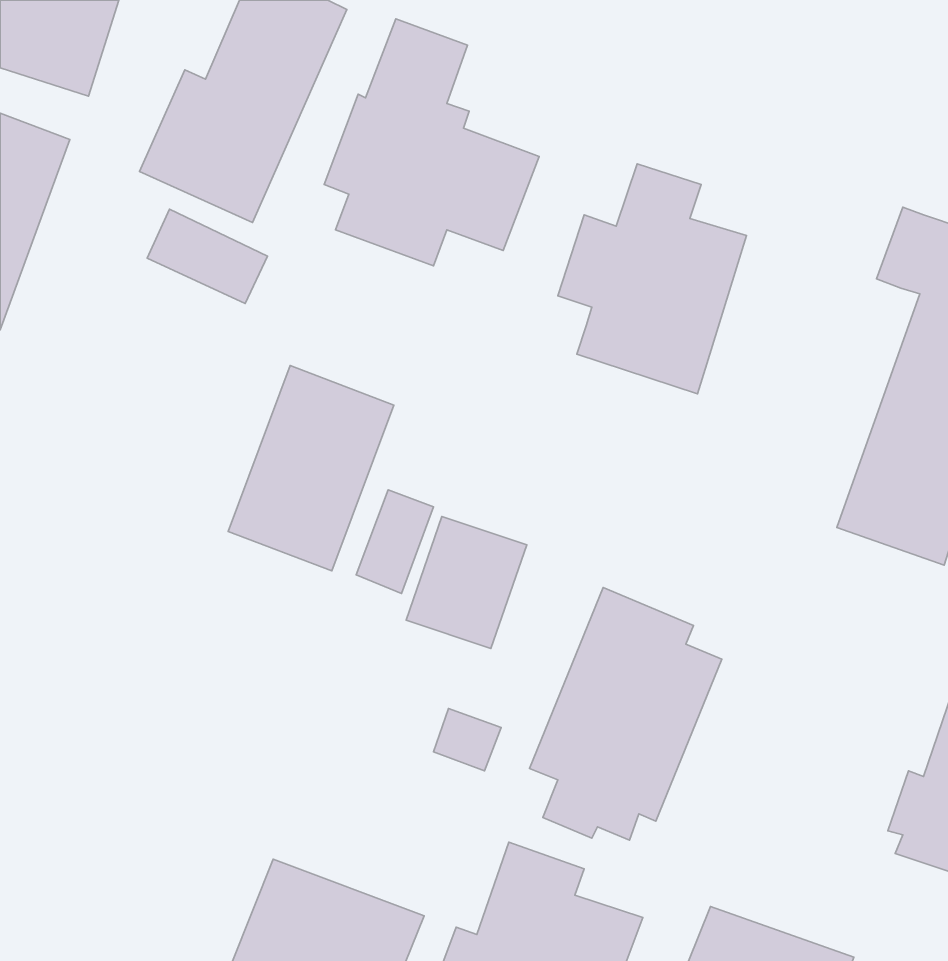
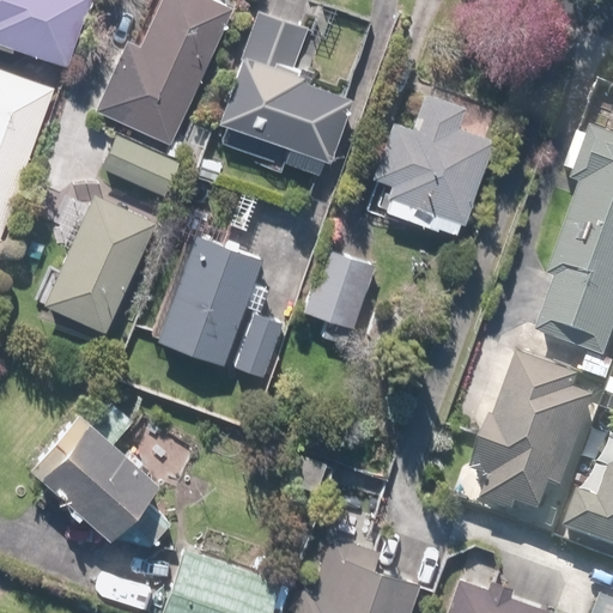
building: none -> [44,194,159,334]
building: [406,516,527,648] -> [302,247,378,330]
building: [530,588,722,840] -> [478,359,600,520]
building: none -> [31,403,163,540]

